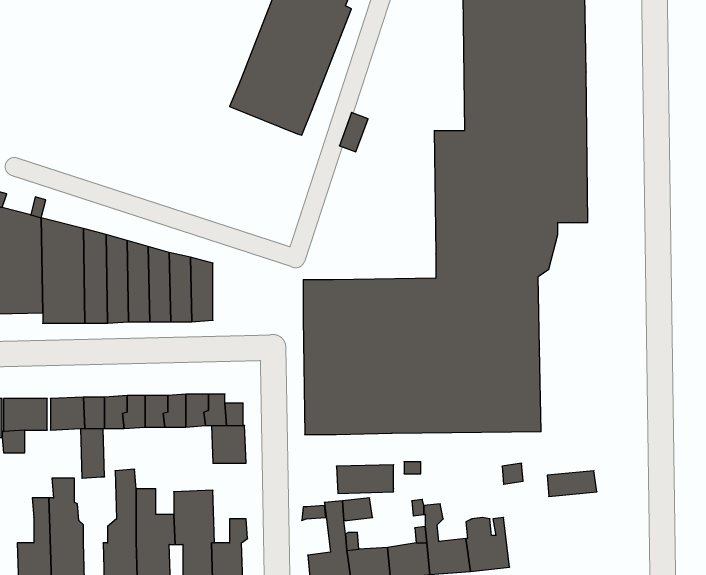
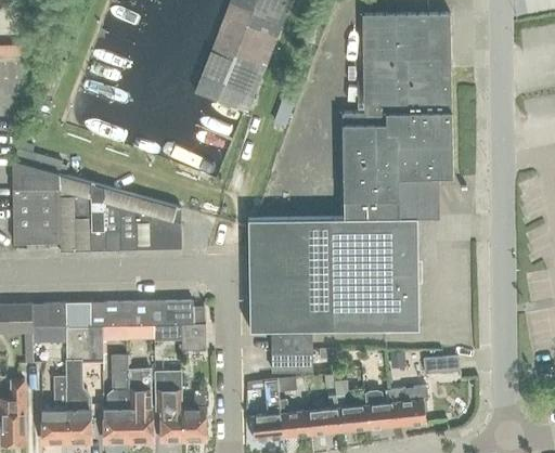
building: none -> [65,326,88,362]
building: none -> [271,329,312,353]
building: none -> [391,387,426,426]

